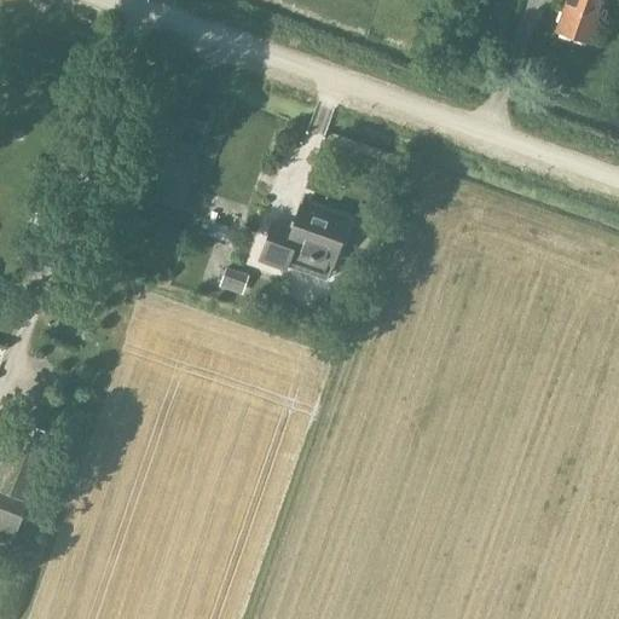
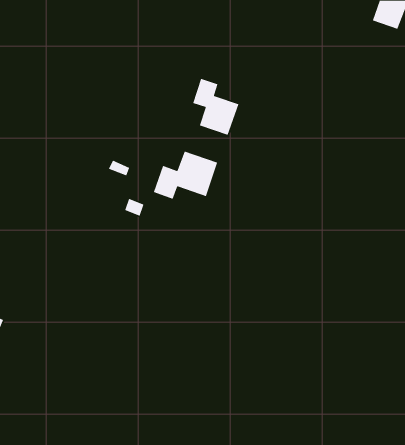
building: none -> [192,78,239,136]

